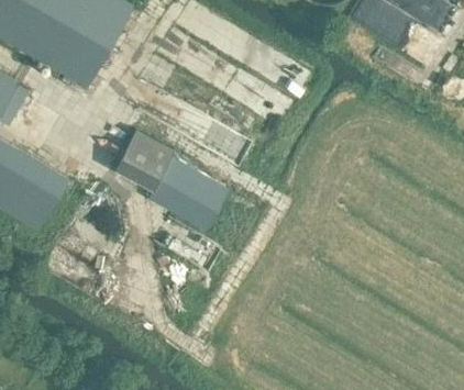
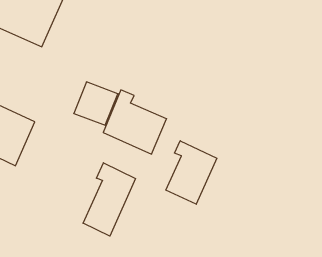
building: none -> [166,141,217,204]
building: none -> [83,163,136,236]

